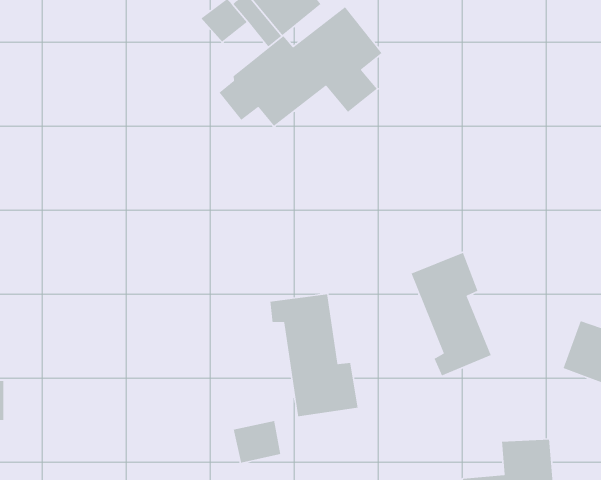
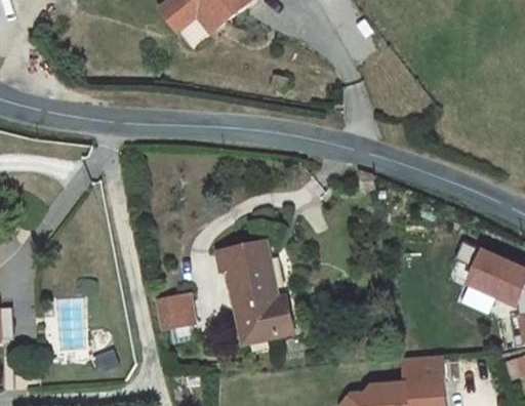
building: [218,6,383,127] -> none
building: [410,252,492,377] -> none
building: [233,420,281,463] -> [156,292,195,327]

